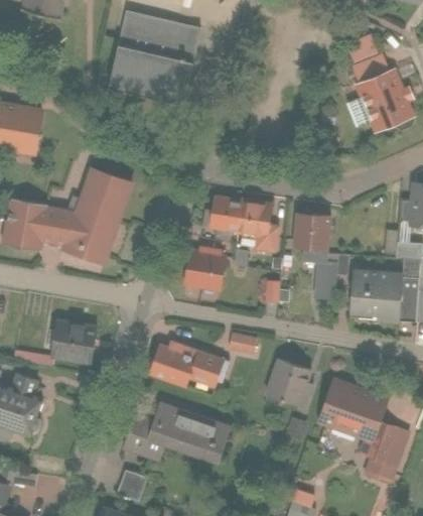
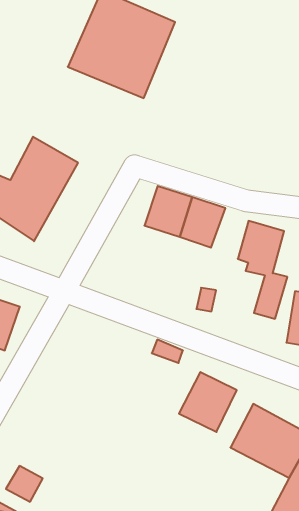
building: [182,255,225,296] -> none
building: [155,340,231,388] -> none
building: [122,398,232,470] -> none

